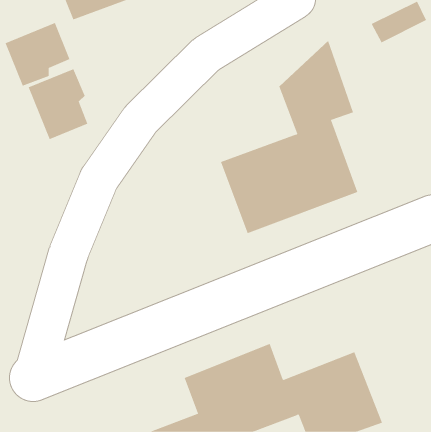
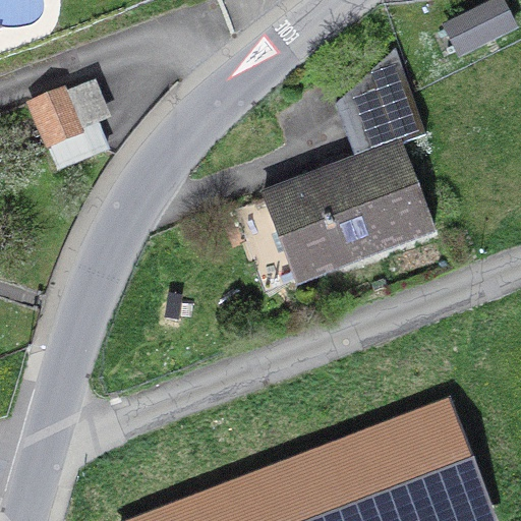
building: [5,22,70,87] -> none

